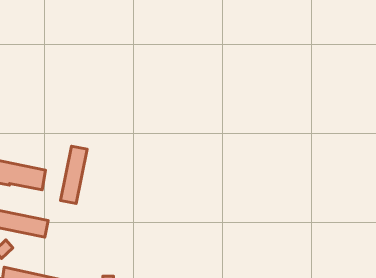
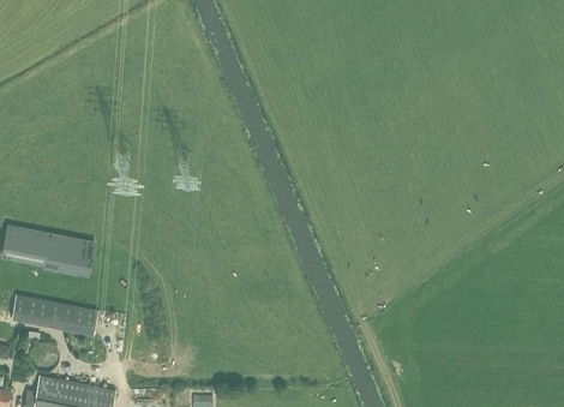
building: [61,146,87,203] -> none

